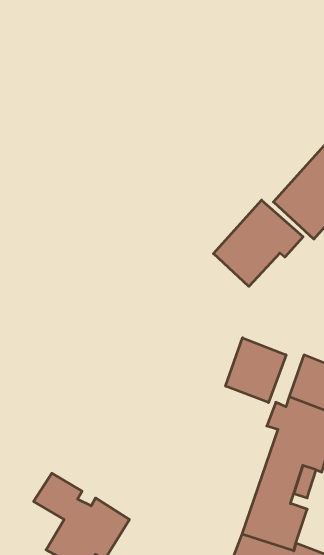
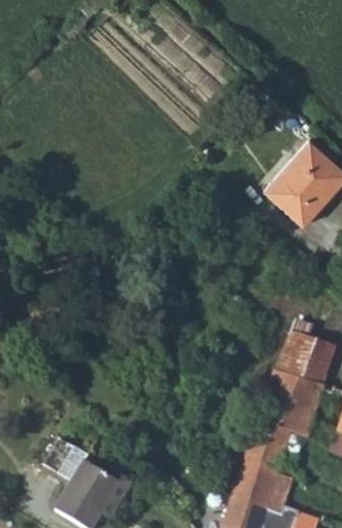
building: [213,200,303,286] -> none
building: [226,338,286,403] -> none

